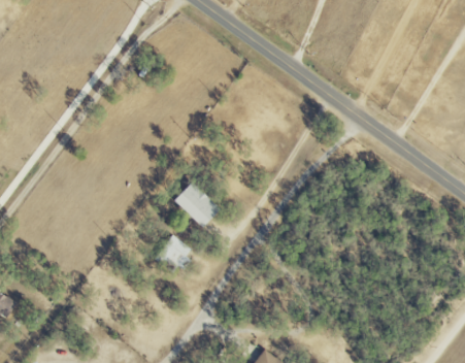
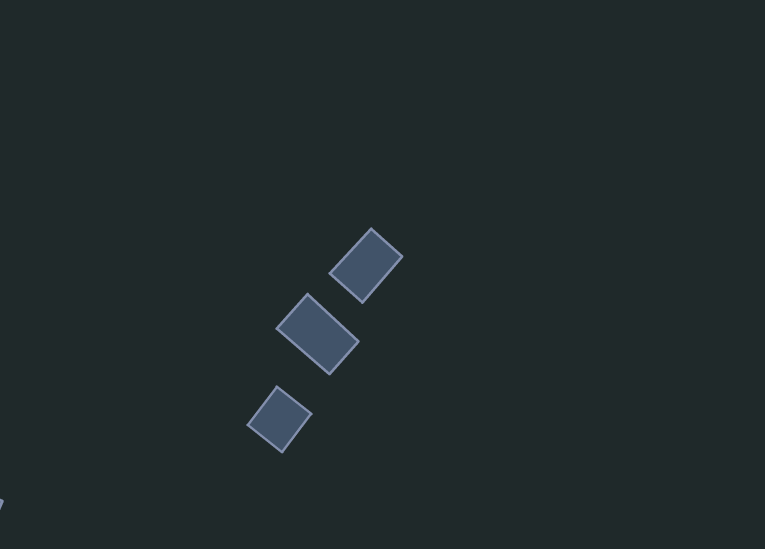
building: none -> [330,229,402,303]

